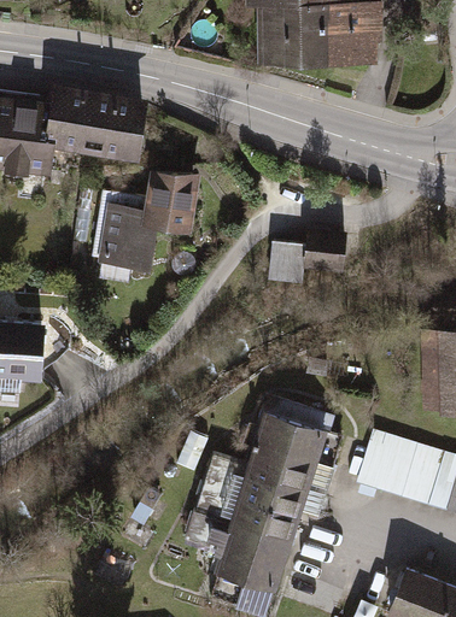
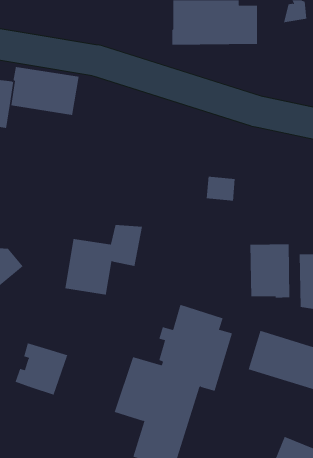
building: [90,174,192,265] -> [65,225,143,295]
building: [268,242,303,282] -> none
building: none -> [250,244,290,298]
building: none -> [15,342,68,396]

